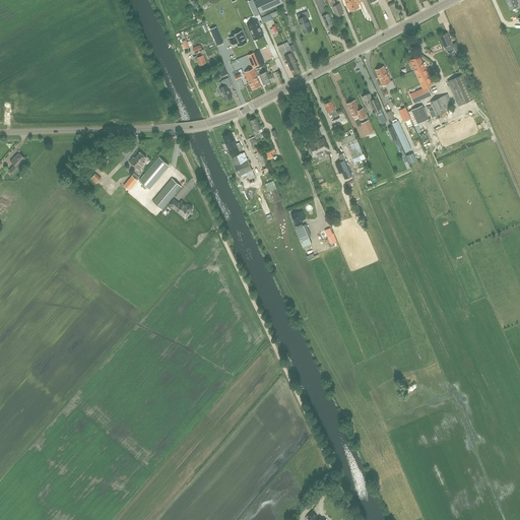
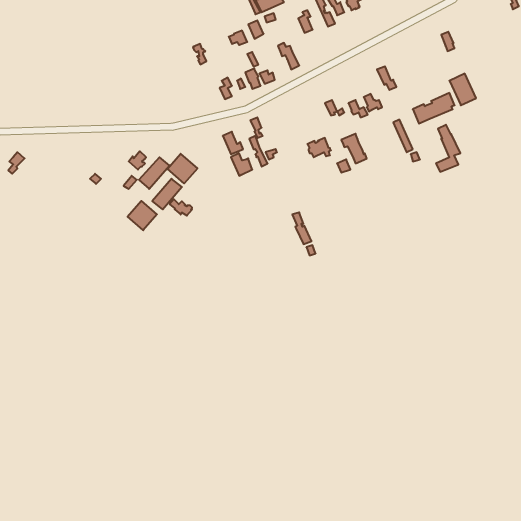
building: [408,55,433,102] -> [436,125,460,172]
building: none -> [167,154,197,183]
building: none -> [128,201,157,230]

